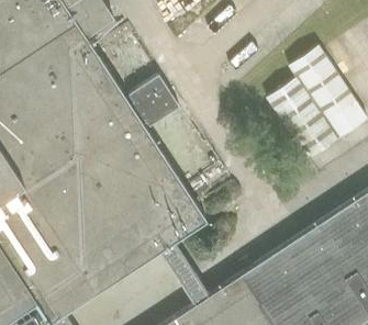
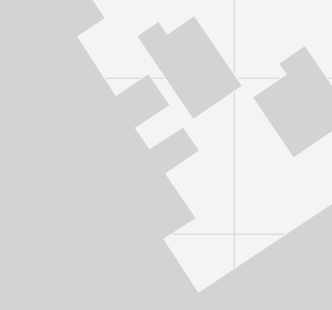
building: none -> [136,15,242,120]

